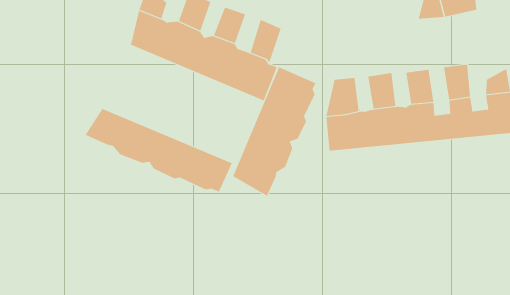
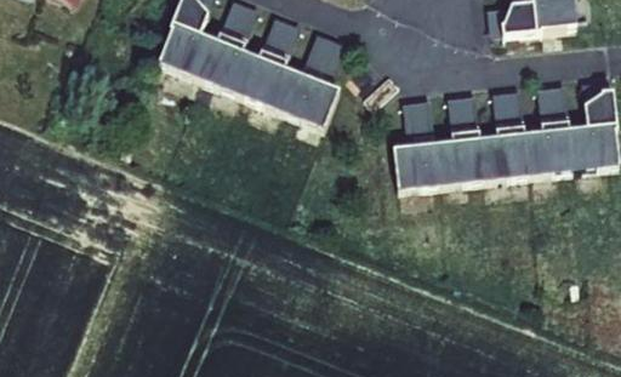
building: [233,66,316,196] -> none
building: [85,108,233,193] -> none

